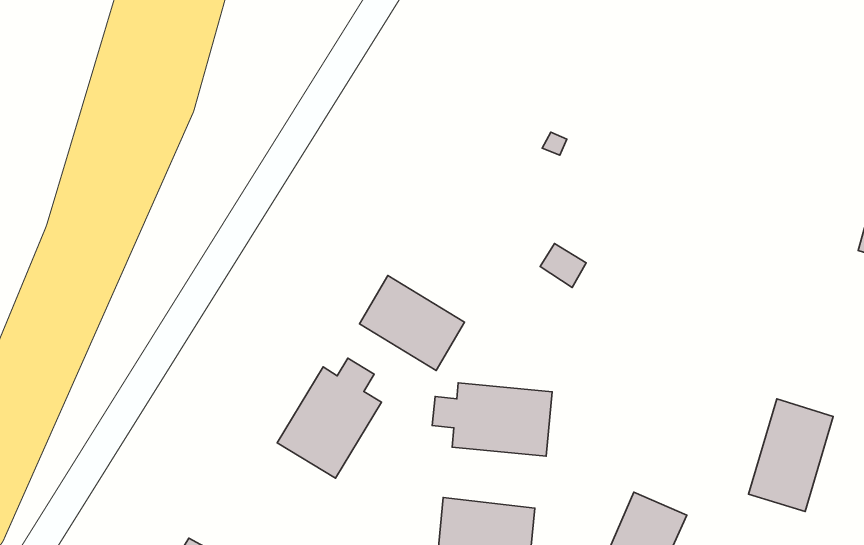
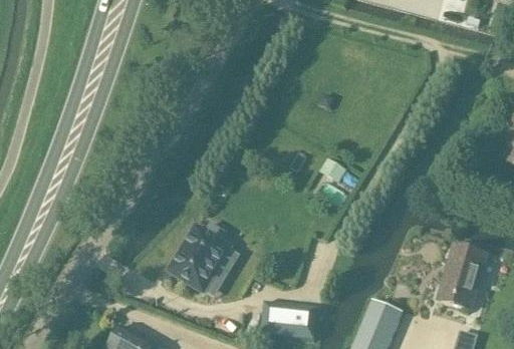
building: [359,276,465,370] -> none
building: [432,383,552,456] -> none

